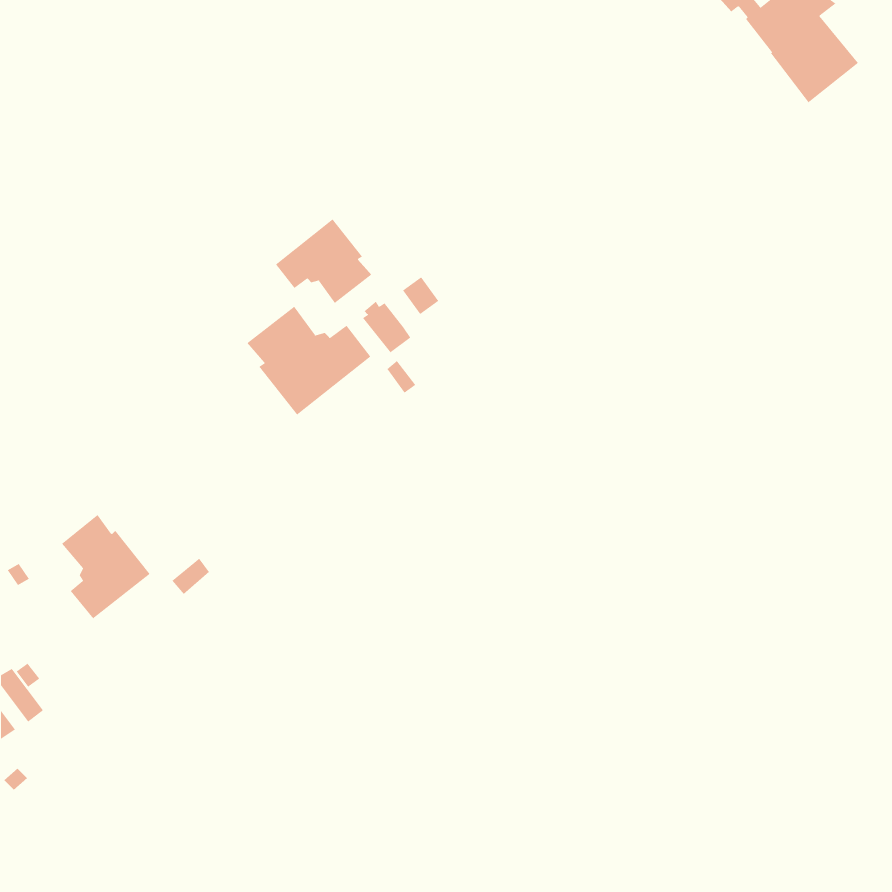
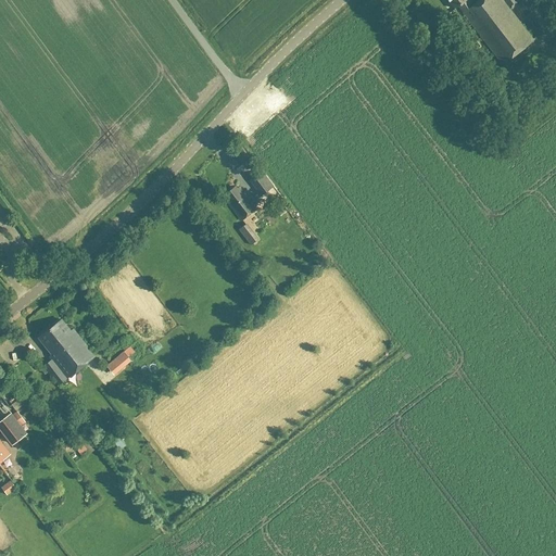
building: [275,218,372,304] -> none
building: [246,306,371,416] -> none

